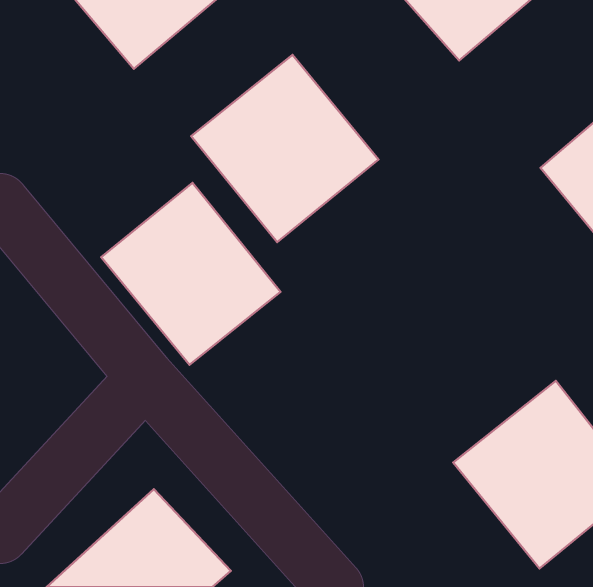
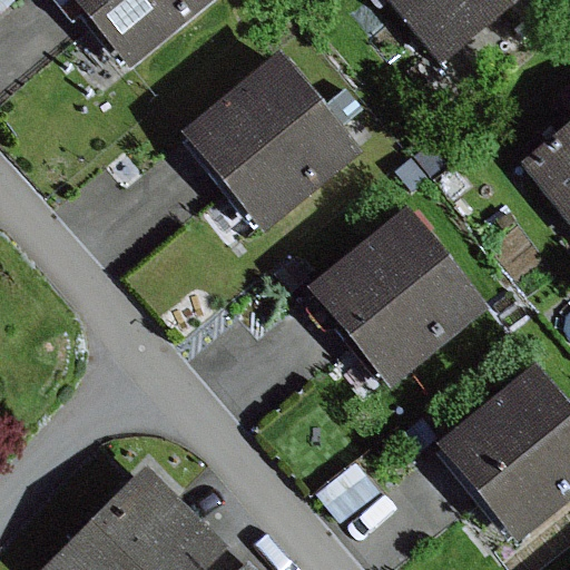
building: [101,183,281,365] -> none
building: none -> [306,208,488,390]

